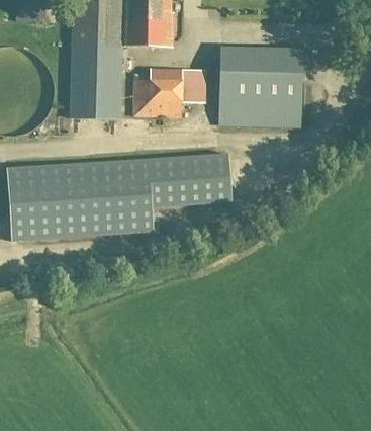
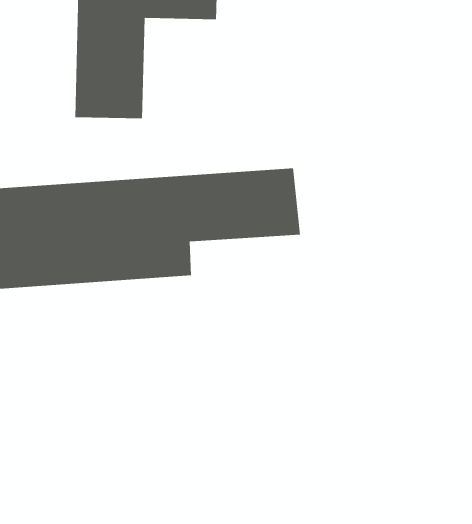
building: [218,46,302,125] -> none
building: [133,69,206,117] -> none

